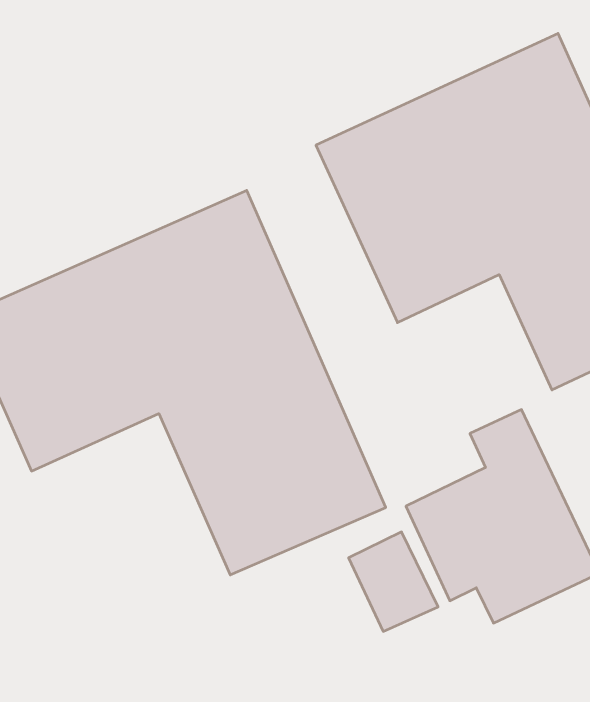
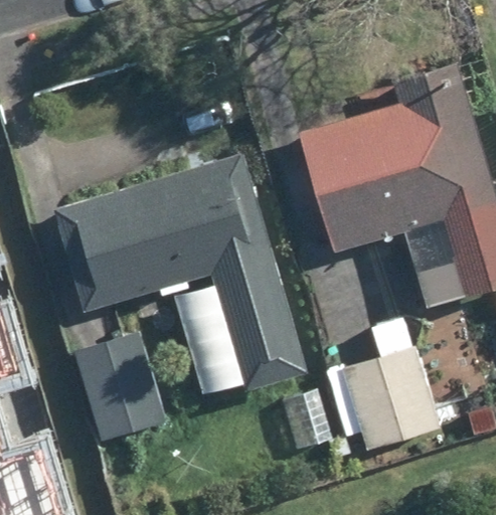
building: none -> [70,330,166,444]

